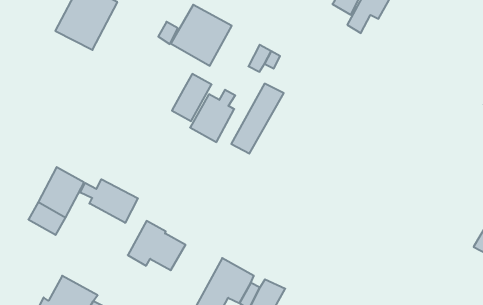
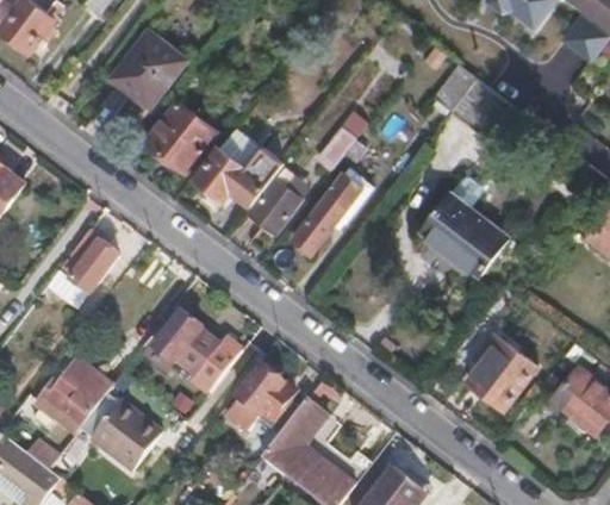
building: [171,5,232,66] -> [145,100,218,173]
building: none -> [193,144,248,199]
building: none -> [419,191,510,276]
building: [80,179,138,223] -> none
building: none -> [468,335,537,409]

